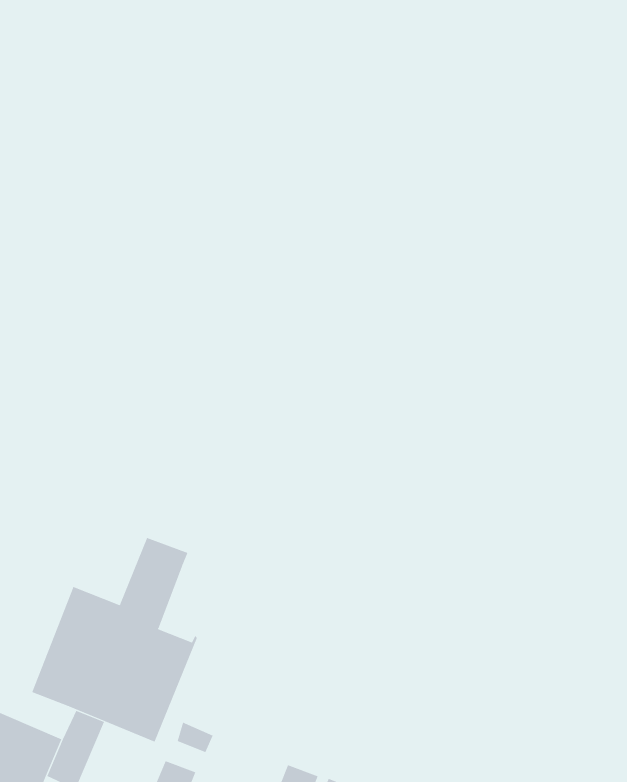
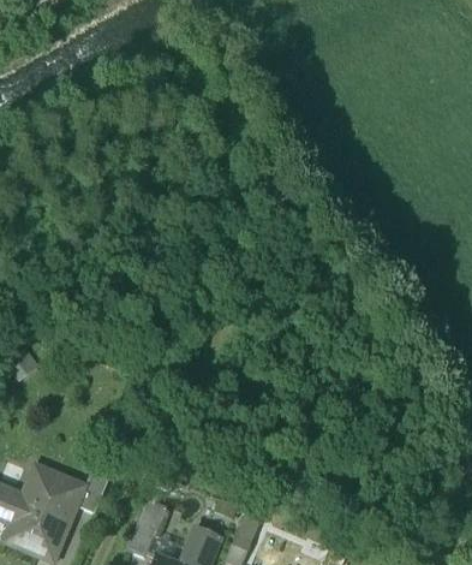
building: [32,537,198,743] -> none

